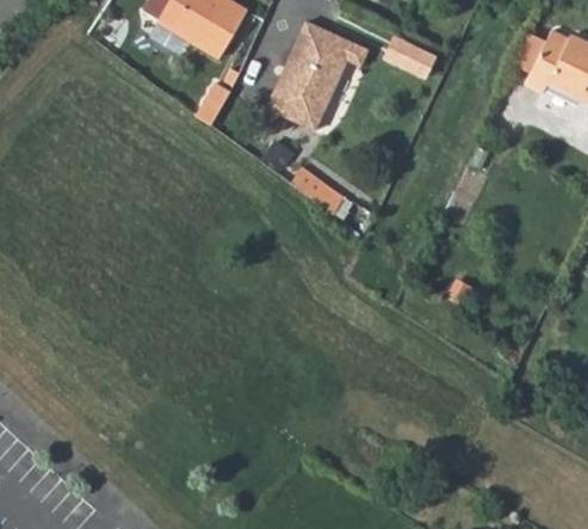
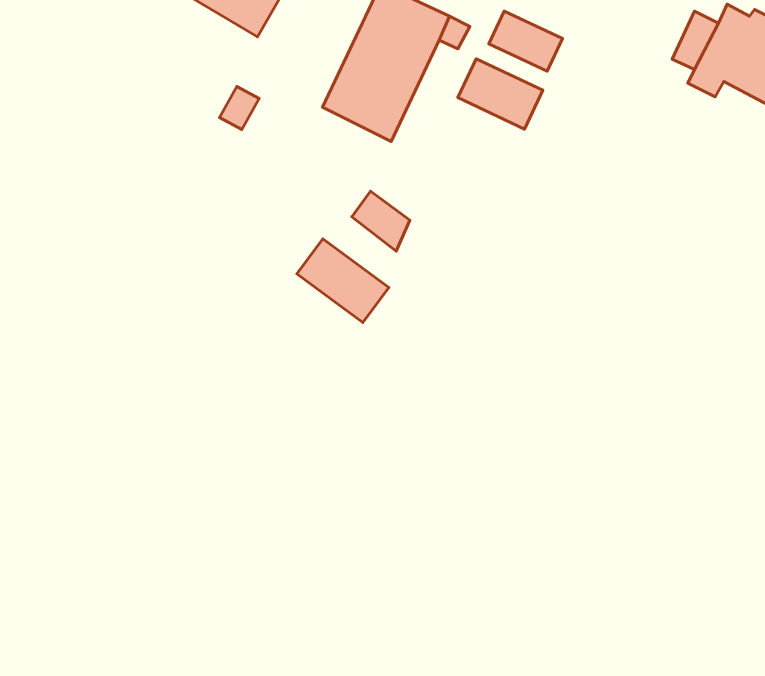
building: none -> [458,59,543,129]
building: none -> [297,239,389,323]

